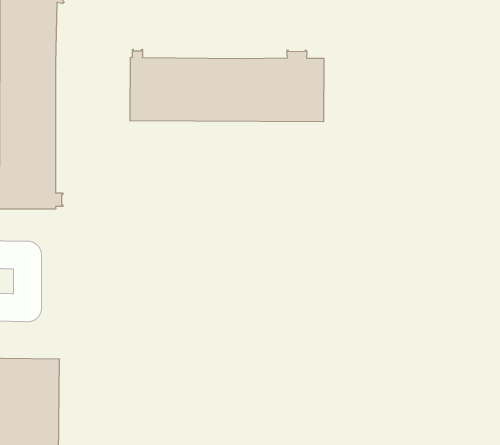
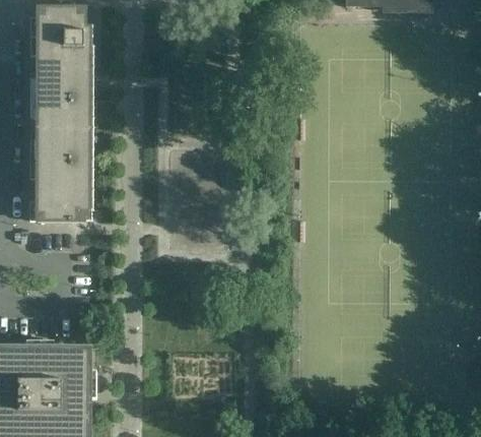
building: [130,49,324,122] -> none

